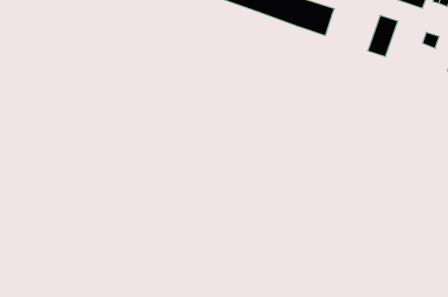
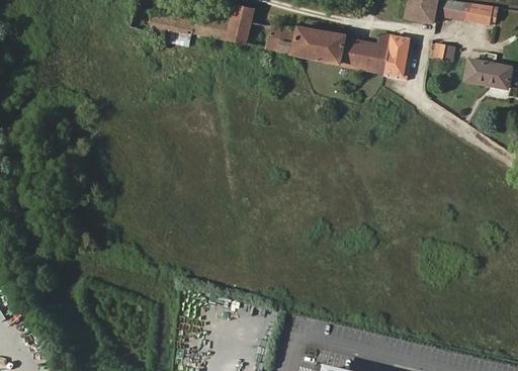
building: none -> [341,33,392,72]

